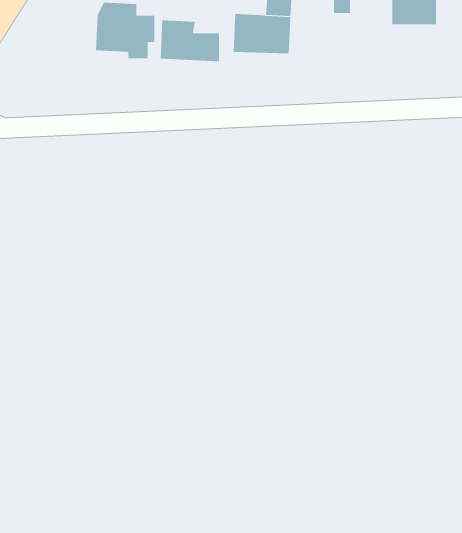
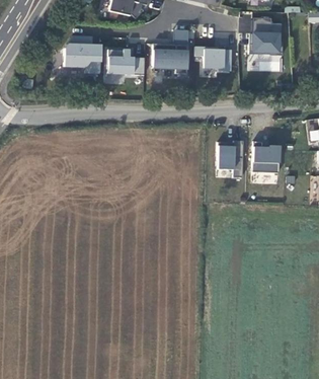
building: none -> [194,47,231,71]
building: none -> [218,146,236,170]
building: none -> [253,147,281,171]

